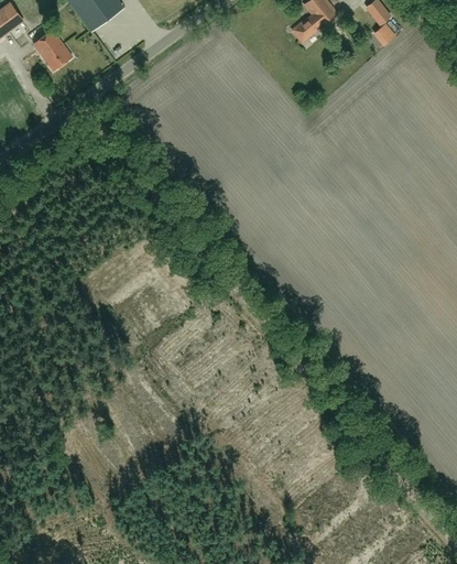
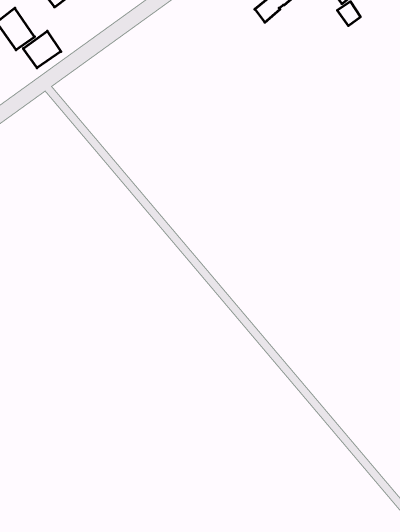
building: none -> [23,31,61,68]

